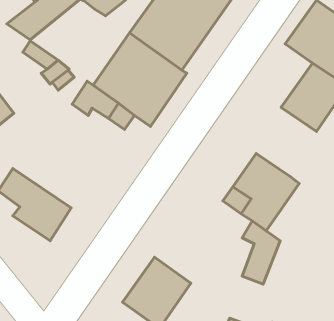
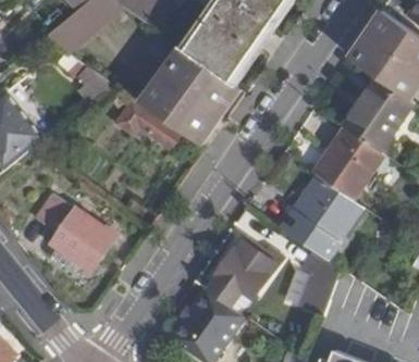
building: none -> [312,126,384,200]
building: none -> [219,240,280,297]

